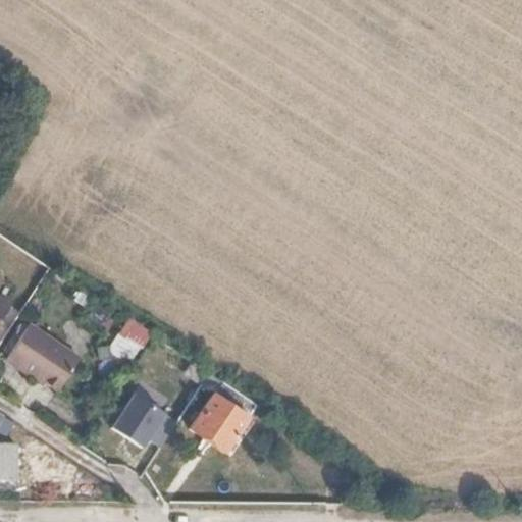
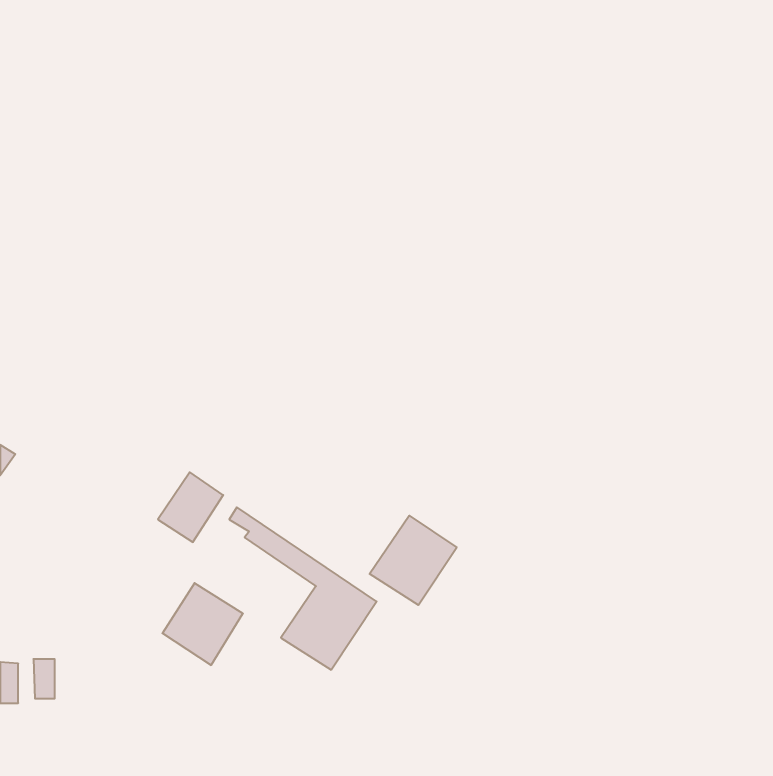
building: [6,324,81,392] -> none
building: none -> [370,516,457,605]

